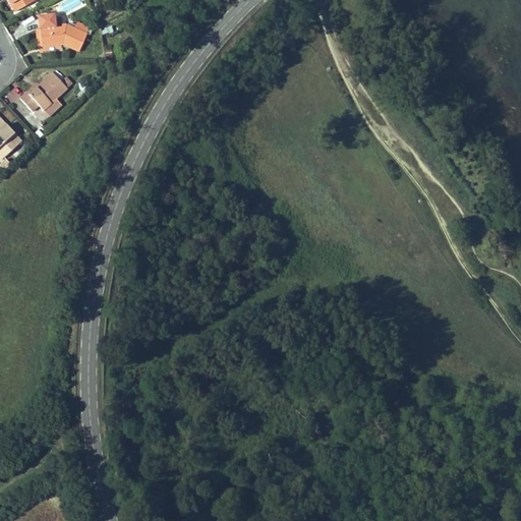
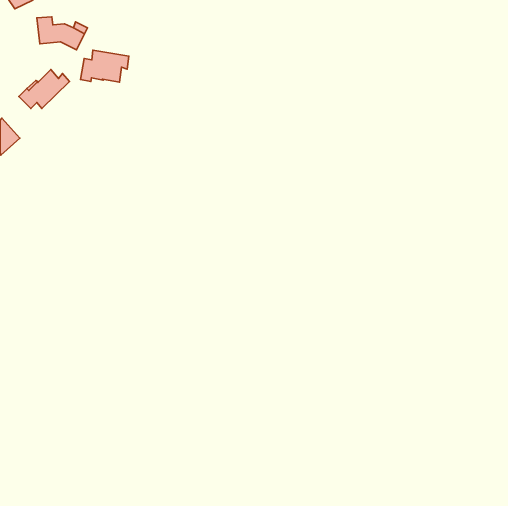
building: none -> [80,50,129,82]

